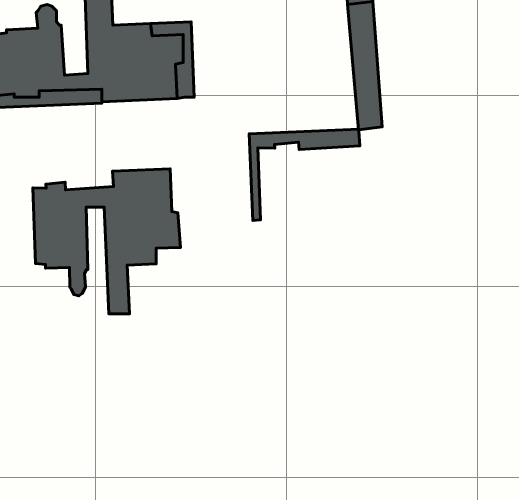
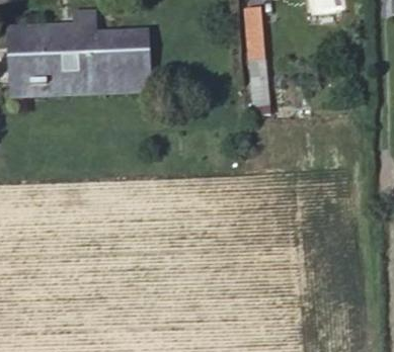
building: [249,129,360,221] -> none
building: [33,169,180,314] -> none

